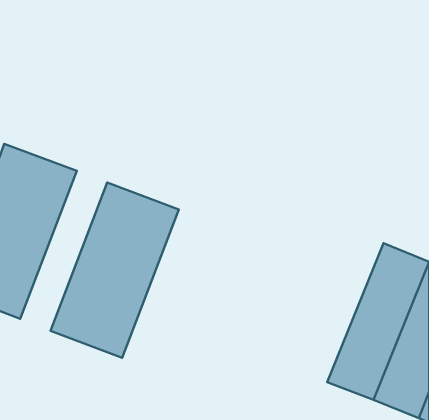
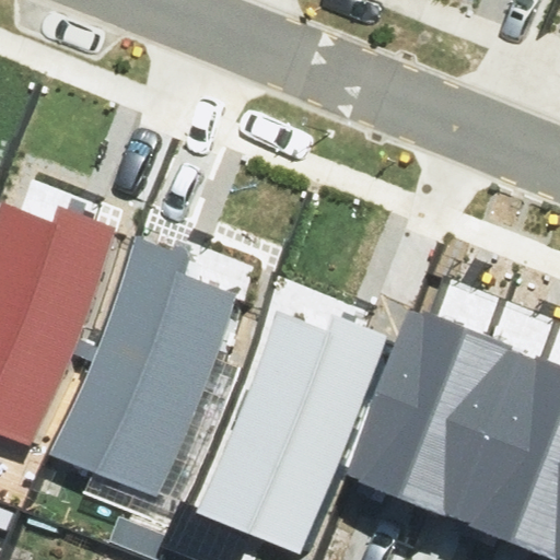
building: none -> [365,306,498,510]
building: none -> [215,319,382,547]

